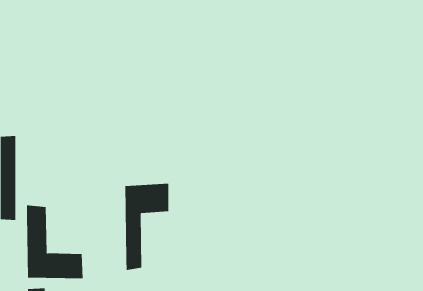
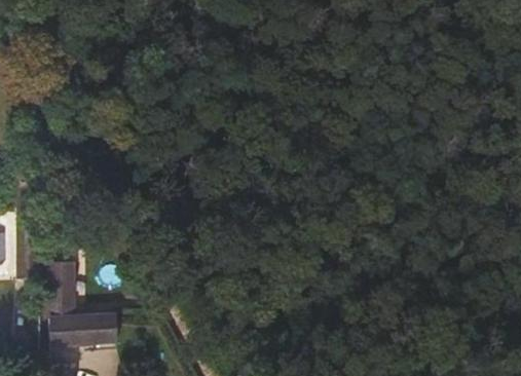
building: [125,183,169,271] -> none

